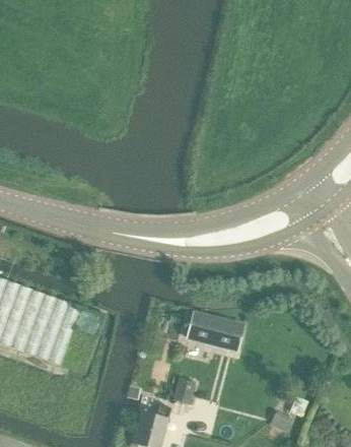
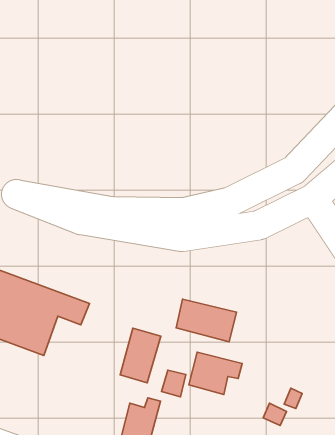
building: none -> [120,328,161,383]
building: none -> [189,352,242,394]

